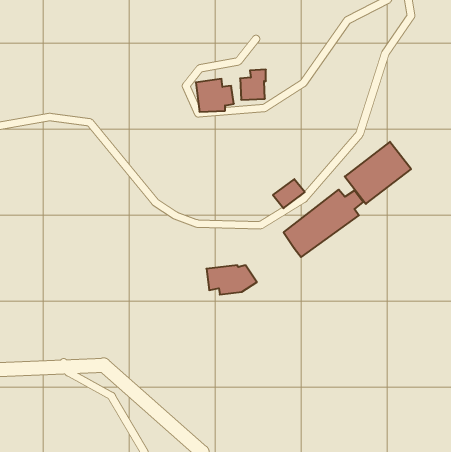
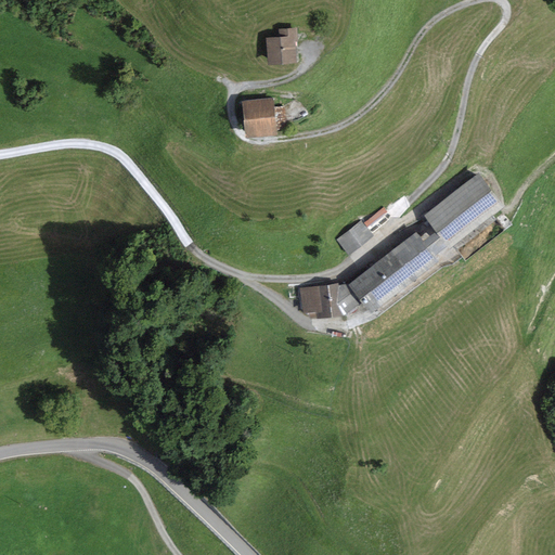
building: [240,70,266,100] -> [264,27,296,64]
building: [206,265,257,295] -> [298,283,360,319]

